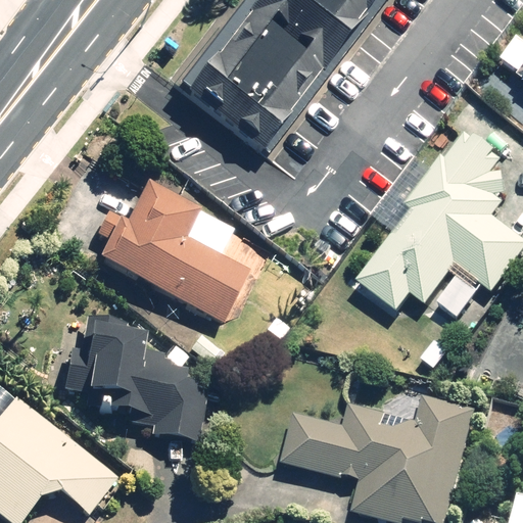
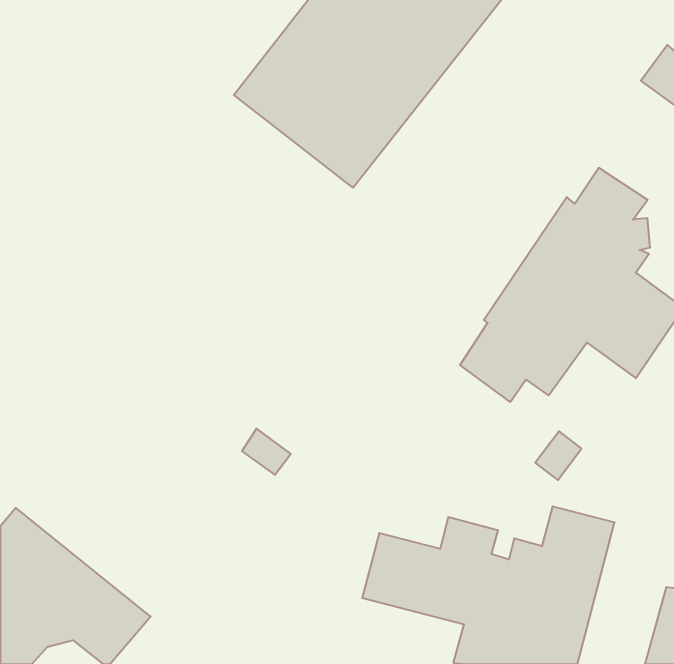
building: [91,183,247,322] -> none
building: [59,316,205,444] -> none

